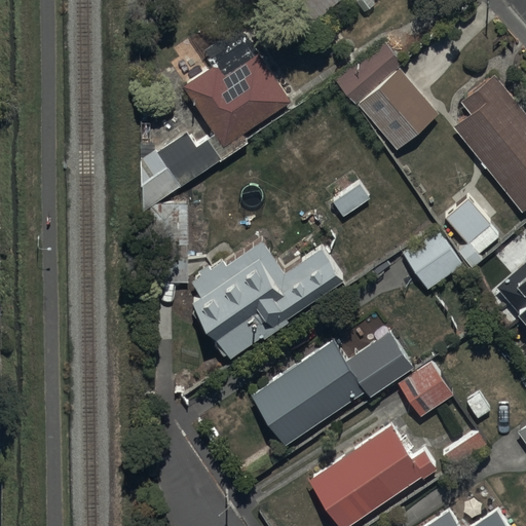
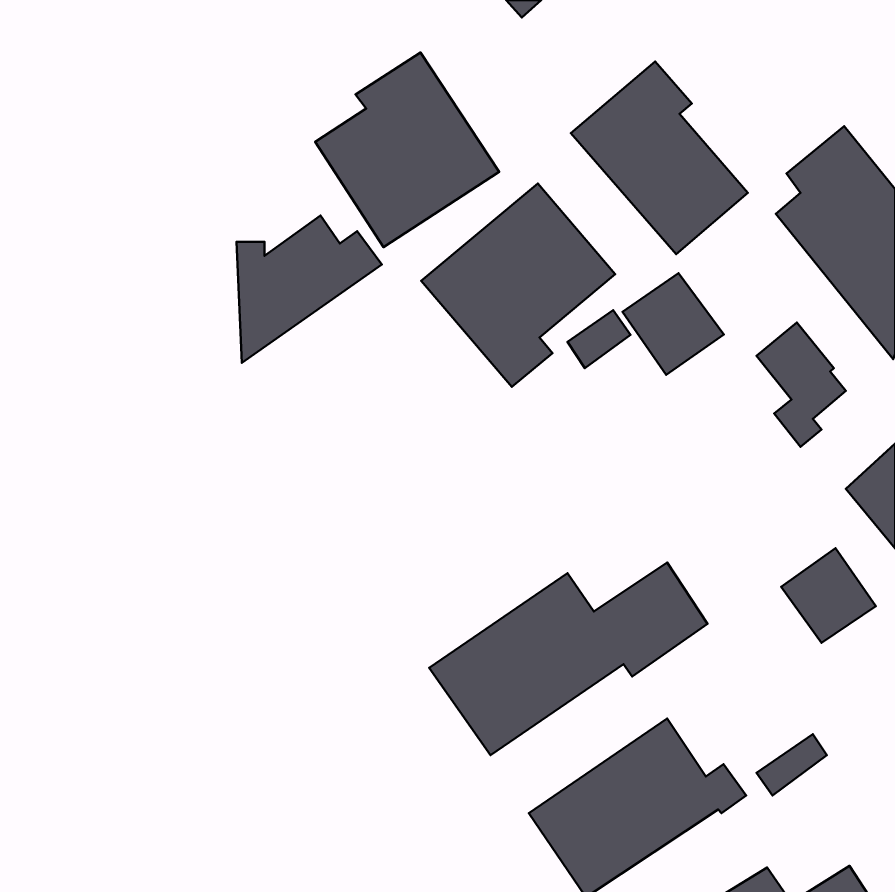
building: none -> [421,184,615,387]
building: [403,230,462,290] -> [622,273,724,375]
building: [183,236,345,360] -> none
building: [399,362,454,417] -> [781,548,876,643]

